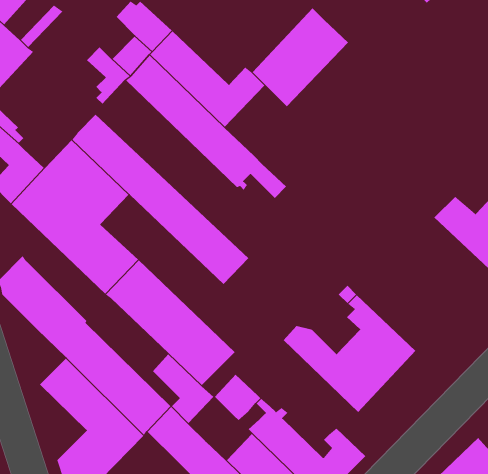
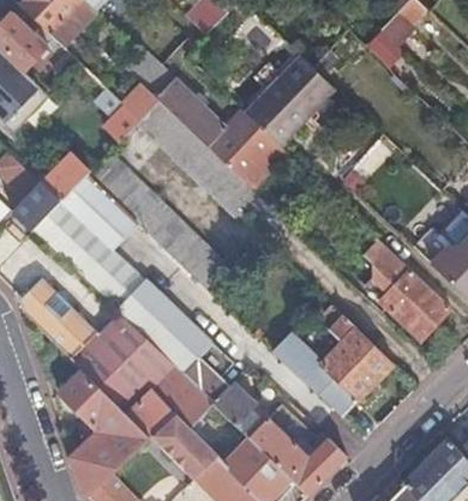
building: none -> [223,126,284,188]
building: none -> [44,151,91,199]
building: none -> [361,236,450,338]
building: none -> [100,315,182,411]

